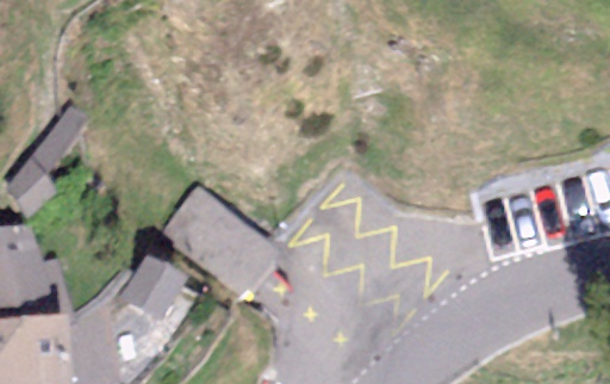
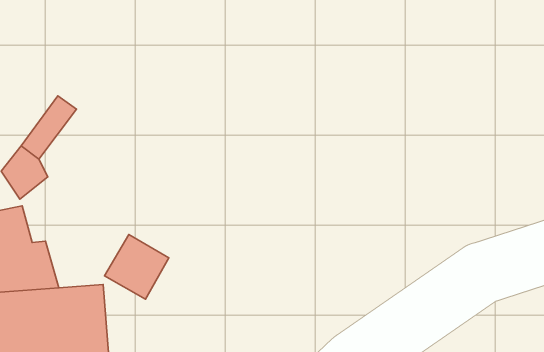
building: [161,187,281,297] -> none

